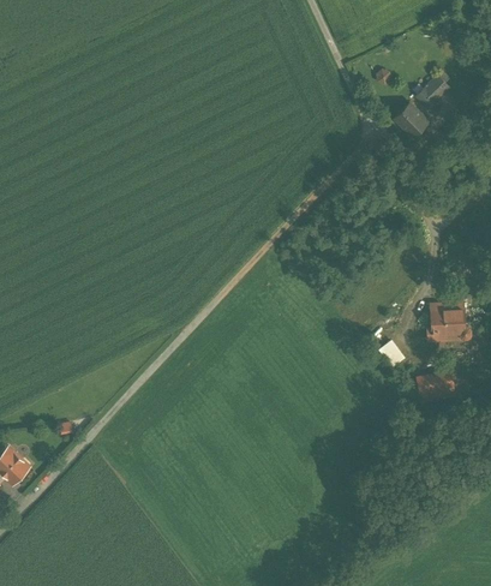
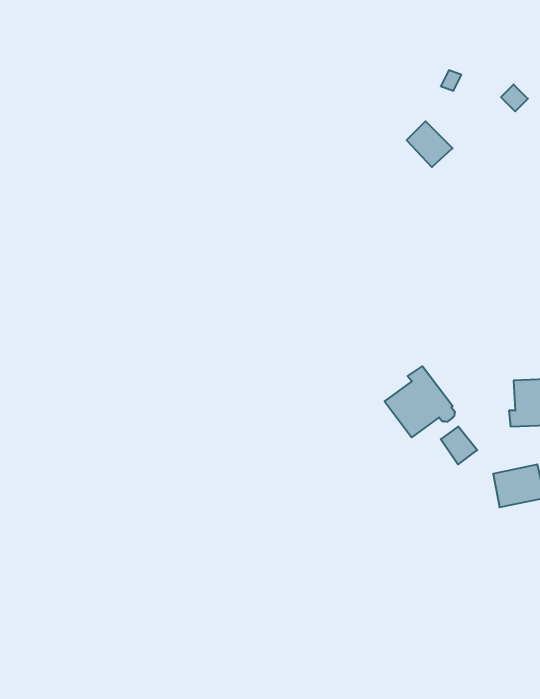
building: [399,98,433,133] -> [407,121,453,167]
building: none -> [385,366,455,437]

